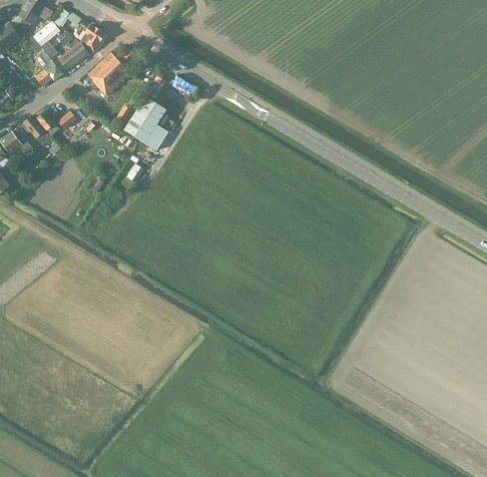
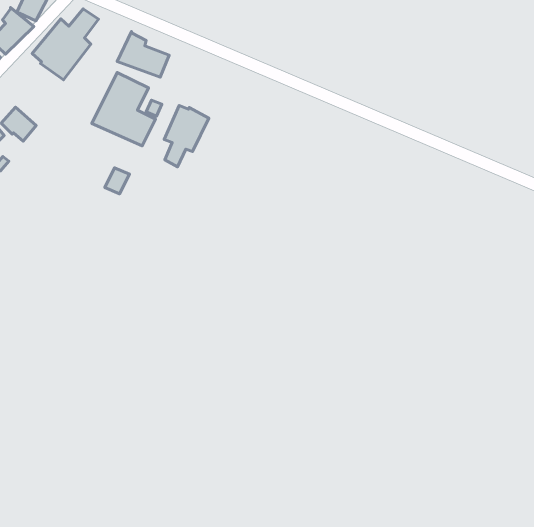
building: none -> [117,32,169,77]
building: none -> [164,105,209,167]

